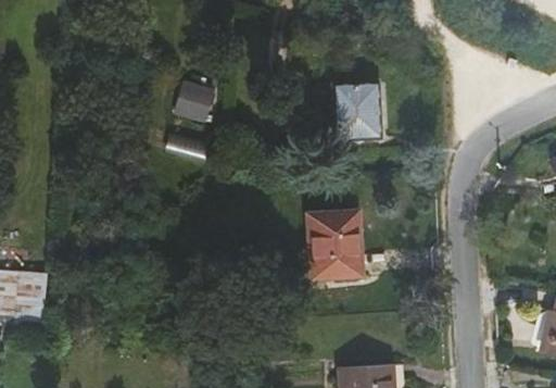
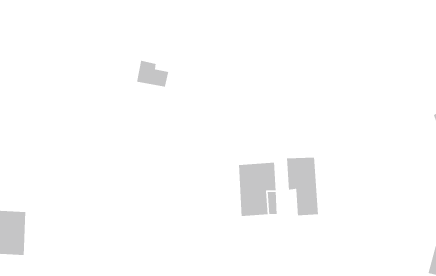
building: [331,82,372,139] -> none
building: none -> [286,157,319,216]

